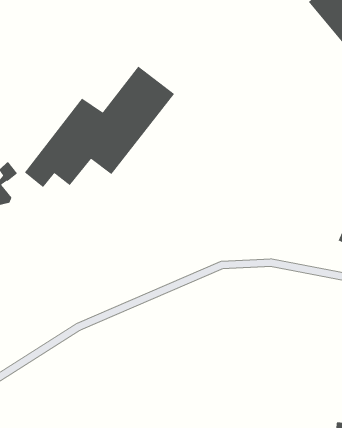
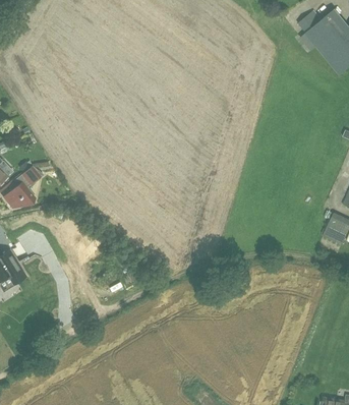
building: [24,65,175,188] -> none

